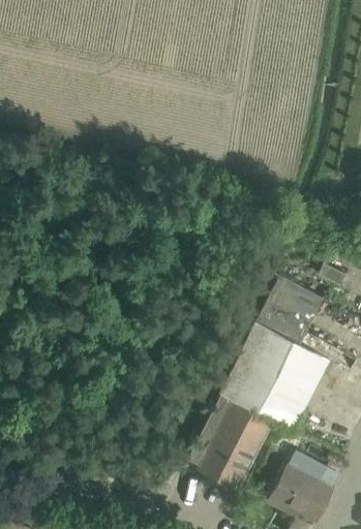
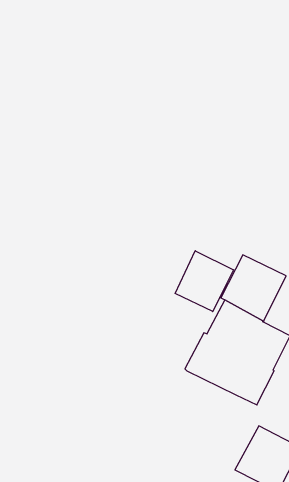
building: none -> [175,251,233,312]
building: [187,395,272,489] -> none

